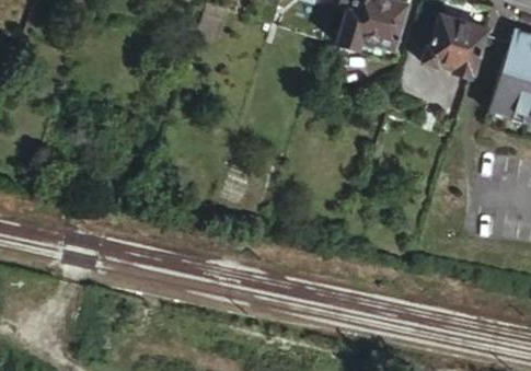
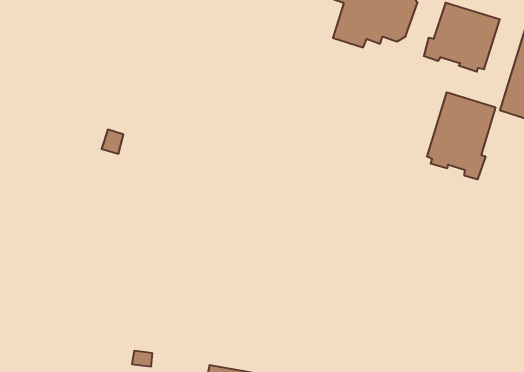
building: none -> [427,92,495,179]

